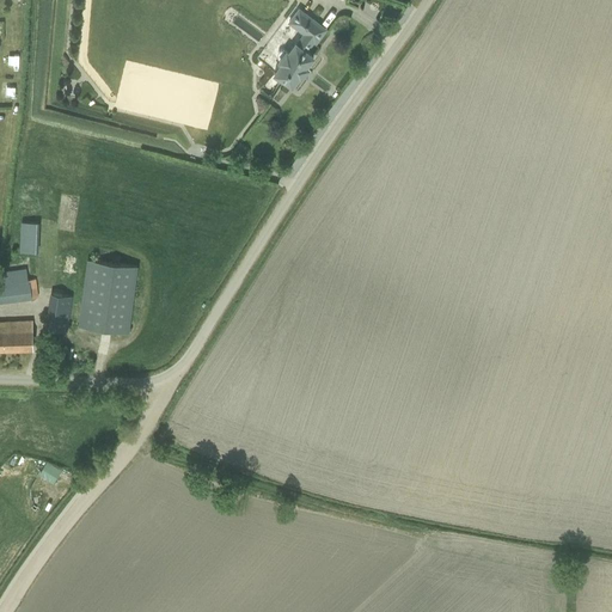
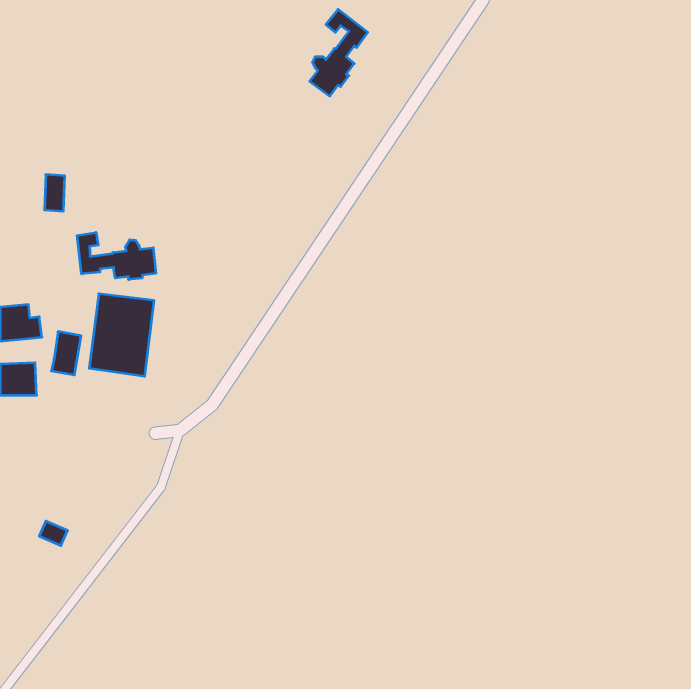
building: none -> [77,232,156,280]
building: [18,222,36,255] -> [44,175,65,211]

